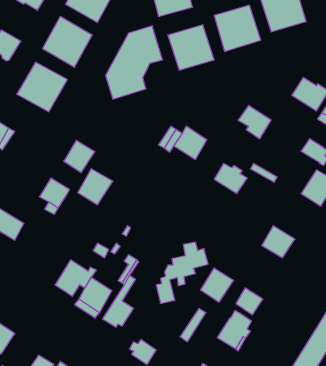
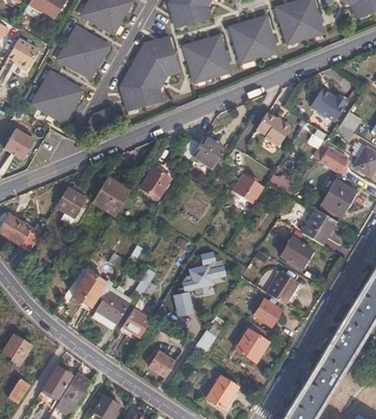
building: [64,140,95,173] -> [139,165,170,198]
building: none -> [301,209,334,244]
building: [201,268,234,302] -> [265,270,298,305]

